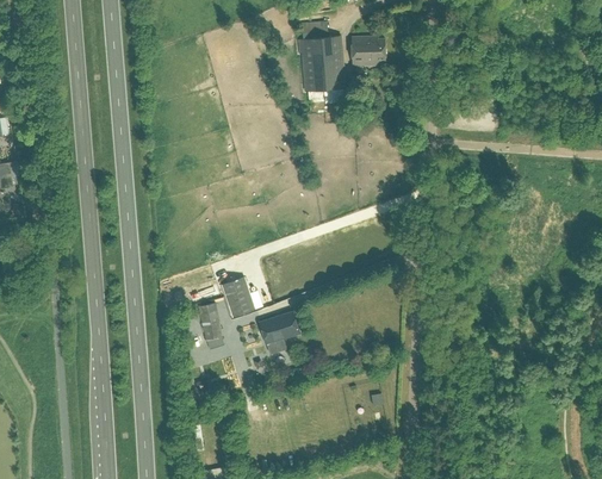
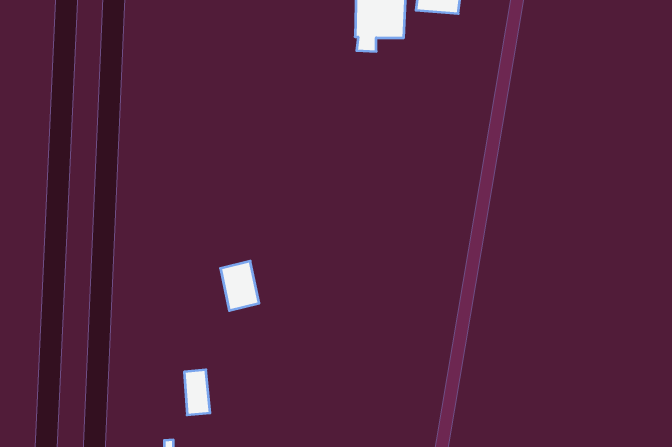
building: [198,303,222,340] -> [184,370,210,415]
building: [259,311,299,343] -> none

